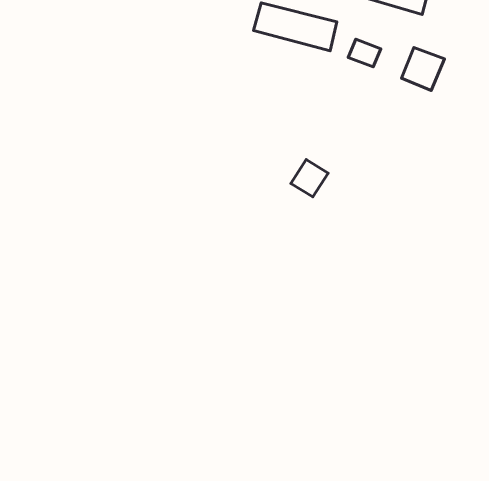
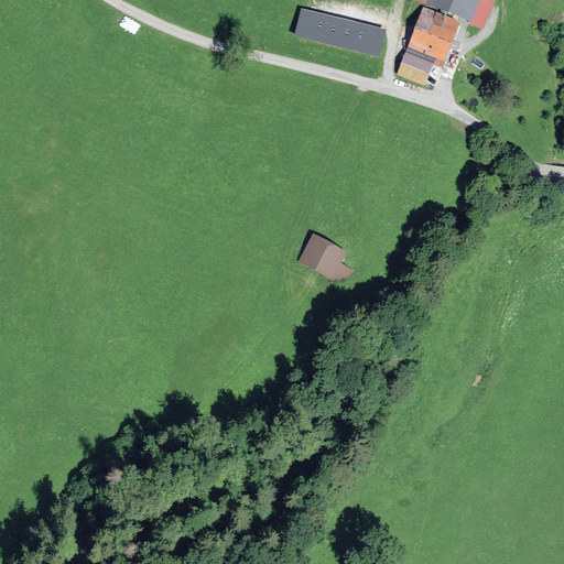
building: [401,47,444,91] -> [409,4,458,54]
building: [291,160,328,197] -> [306,238,349,281]

